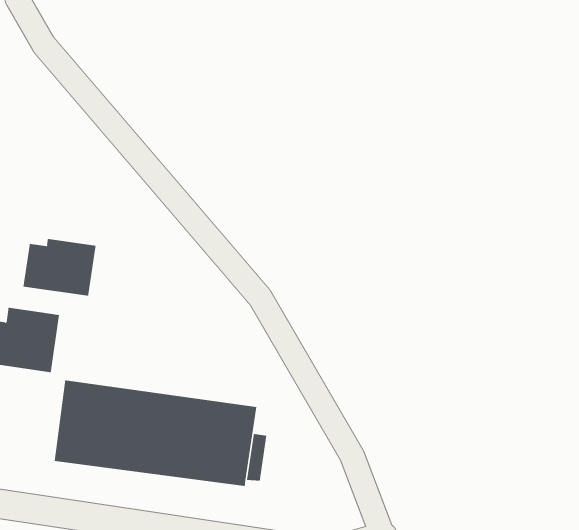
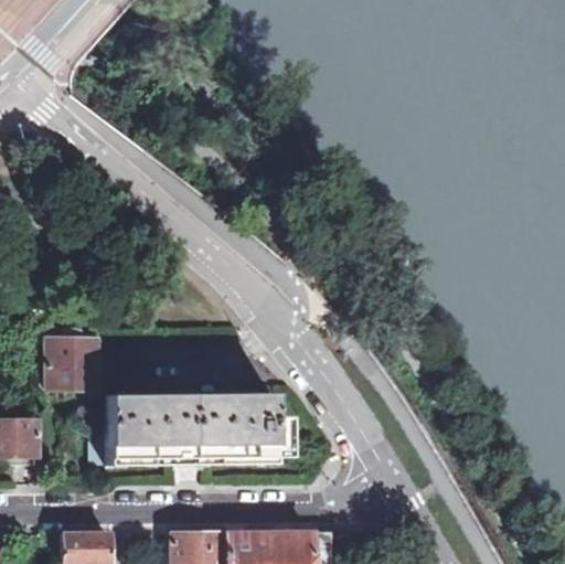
building: [23,238,96,297] -> none

